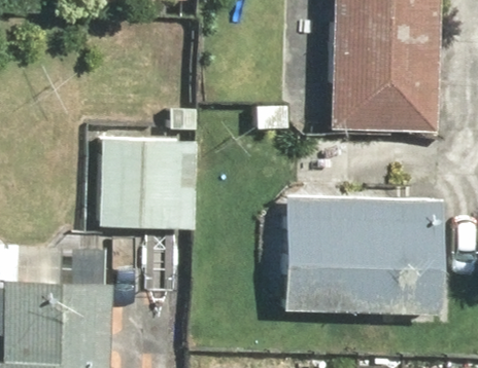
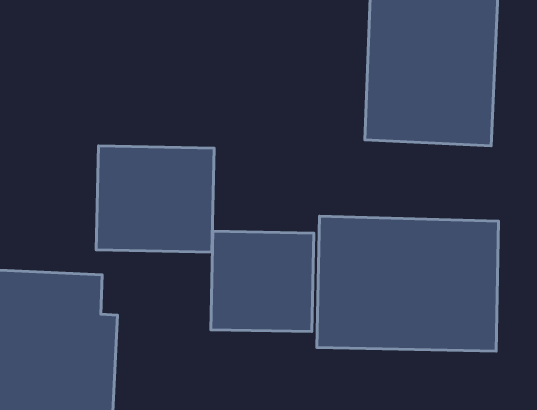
building: none -> [211,231,314,331]

